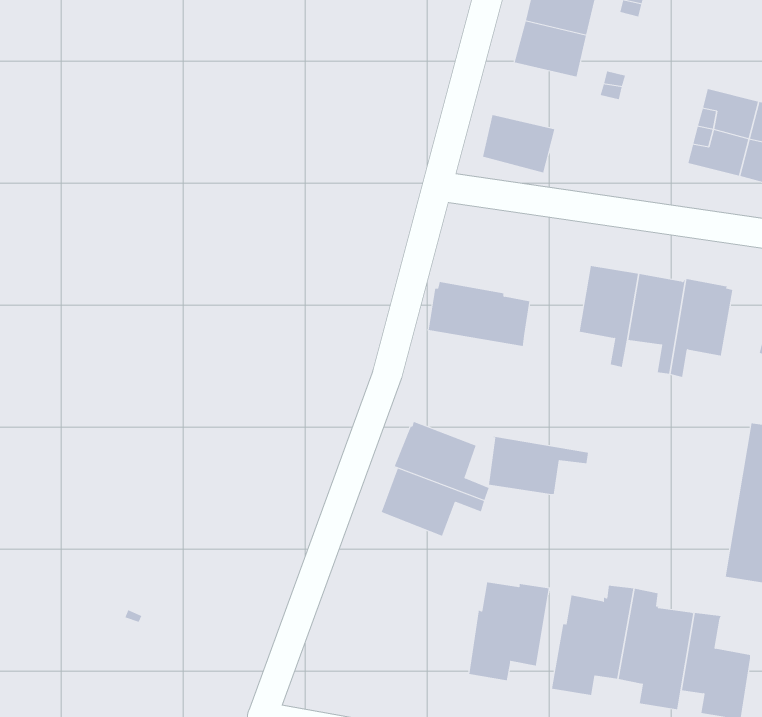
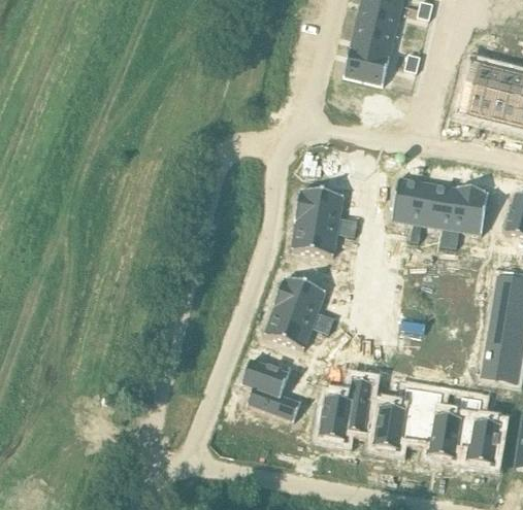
building: [482,115,555,173] -> [344,47,390,84]
building: [488,436,589,495] -> [292,217,356,254]
building: none -> [241,359,301,419]

